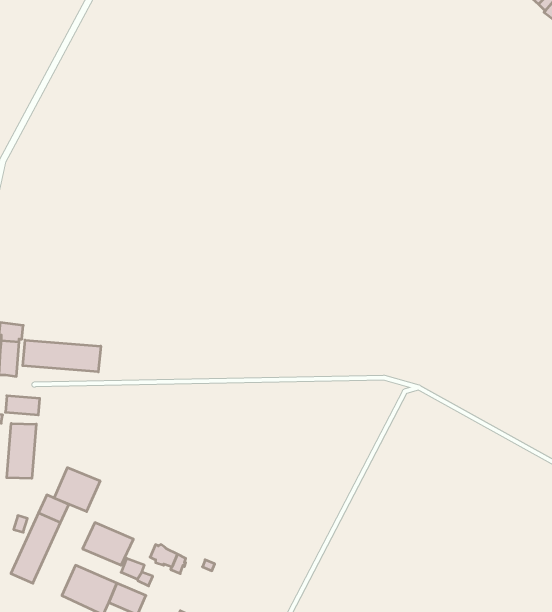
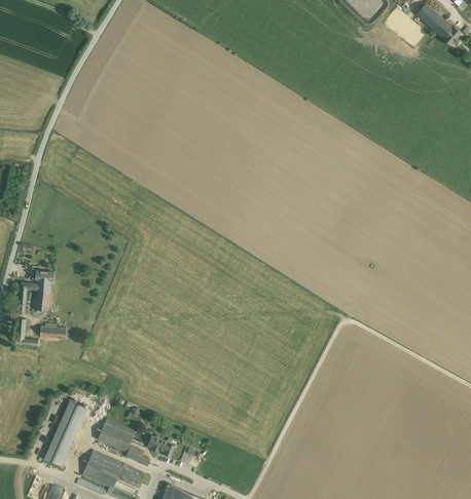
building: [23,340,101,372] -> none
building: [7,423,36,478] -> none
building: [54,468,100,512] -> none

